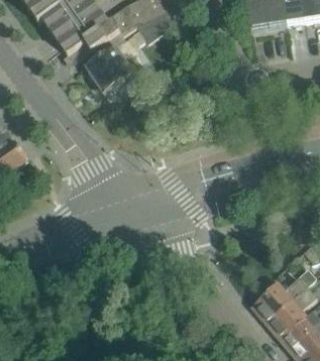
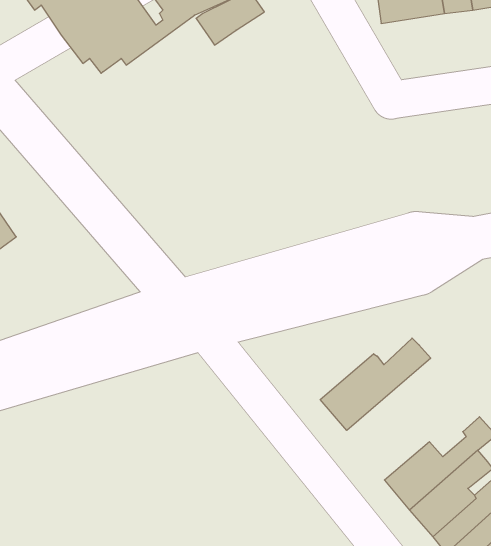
building: [85,43,142,91] -> none
building: none -> [320,338,431,430]

